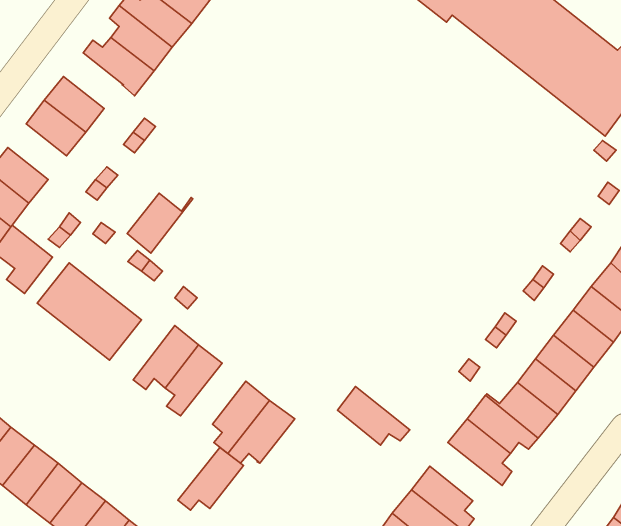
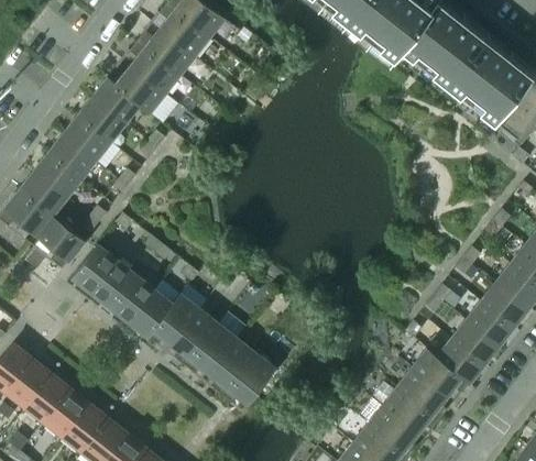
building: none -> [92,79,140,123]
building: none -> [48,135,95,179]
building: [127,193,193,253] -> [129,290,181,338]
building: [337,387,410,445] -> [382,387,439,433]
building: [178,447,243,510] -> [185,325,237,374]

